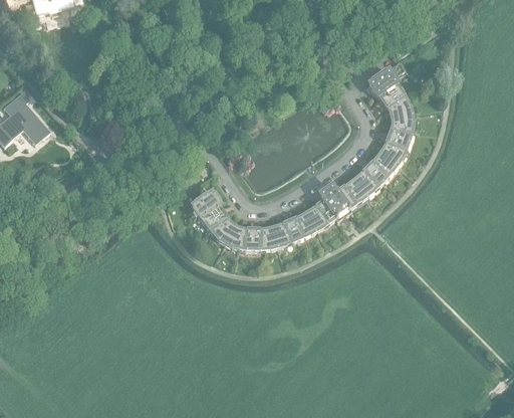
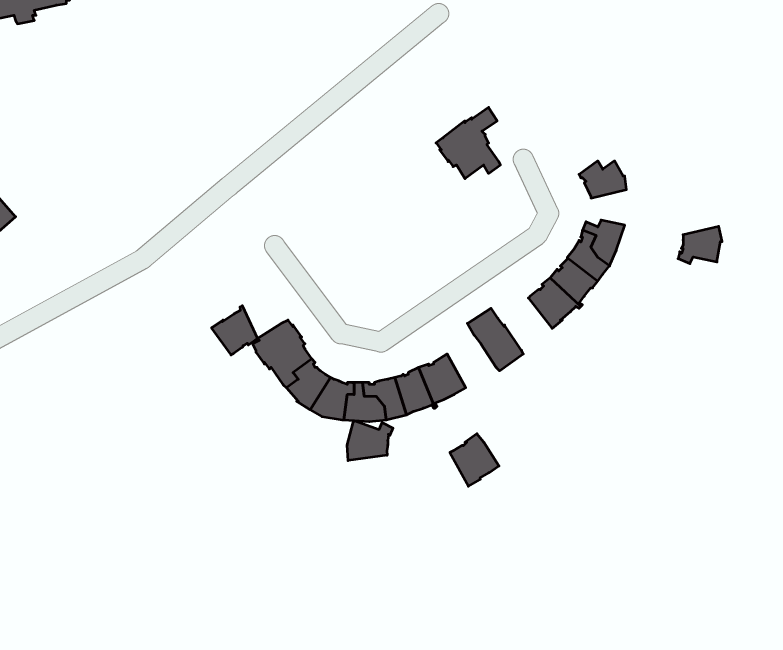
building: [366,62,405,104] -> [436,107,500,179]
building: [388,114,414,136] -> [678,226,722,264]
building: [335,178,367,209] -> none
building: none -> [212,306,258,355]
building: [305,200,334,231] -> [450,434,499,486]
building: none -> [347,421,393,461]

